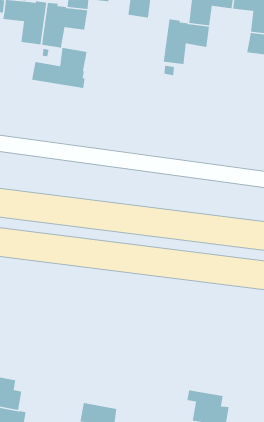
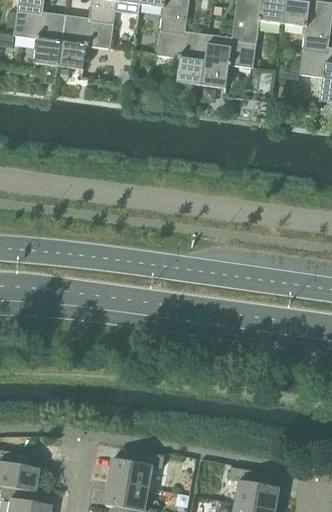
building: none -> [156,31,207,86]
building: [31,47,88,89] -> none
building: none -> [107,449,163,489]

